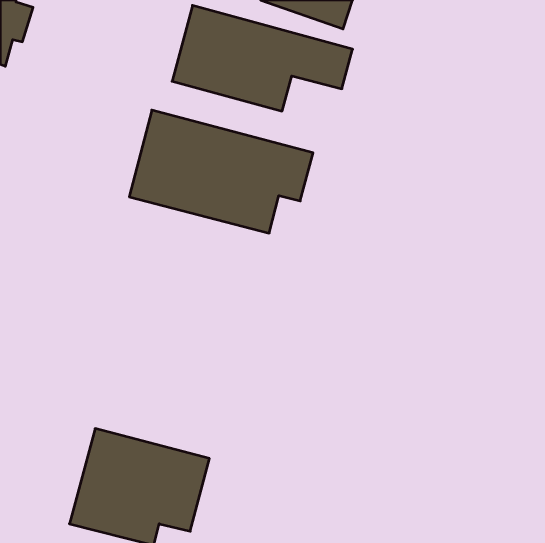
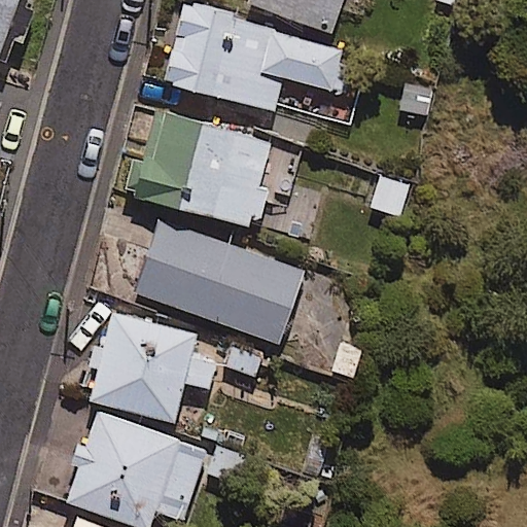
building: none -> [136,223,302,340]
building: none -> [90,311,215,421]

